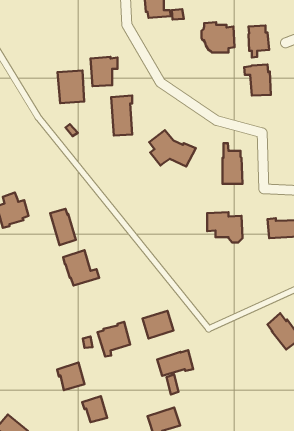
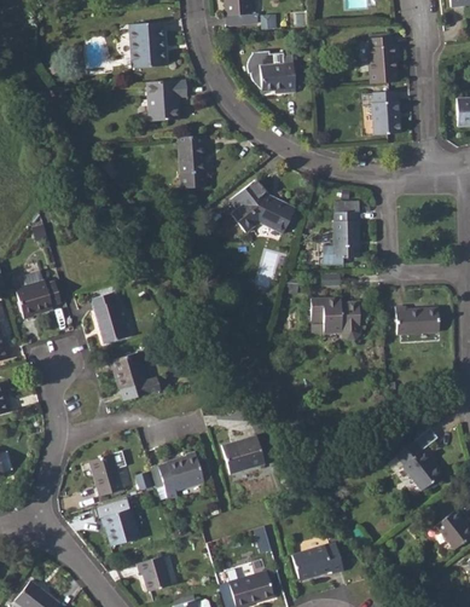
building: [202,22,234,52] -> [249,48,295,91]
building: [58,70,84,103] -> [129,22,167,68]
building: none -> [89,453,123,495]
building: [157,350,193,376] -> [292,543,343,579]

